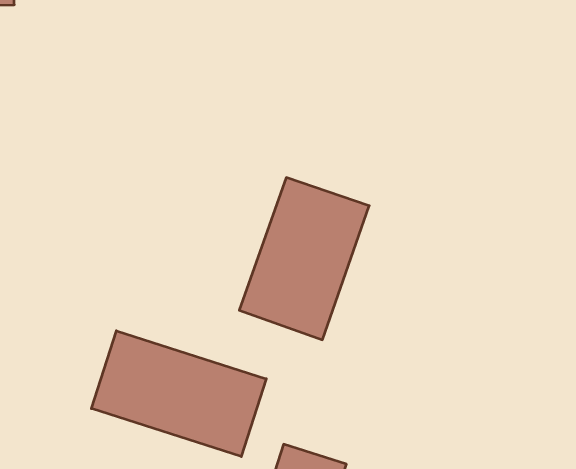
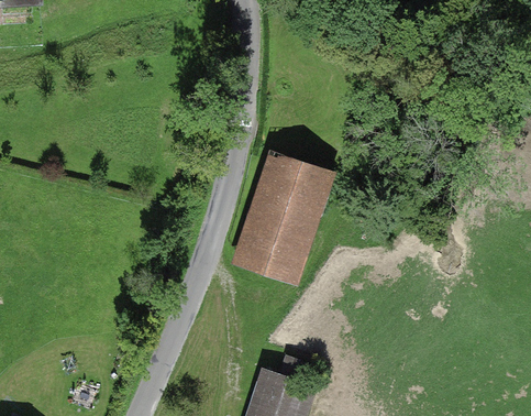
building: [91,331,266,457] -> none

